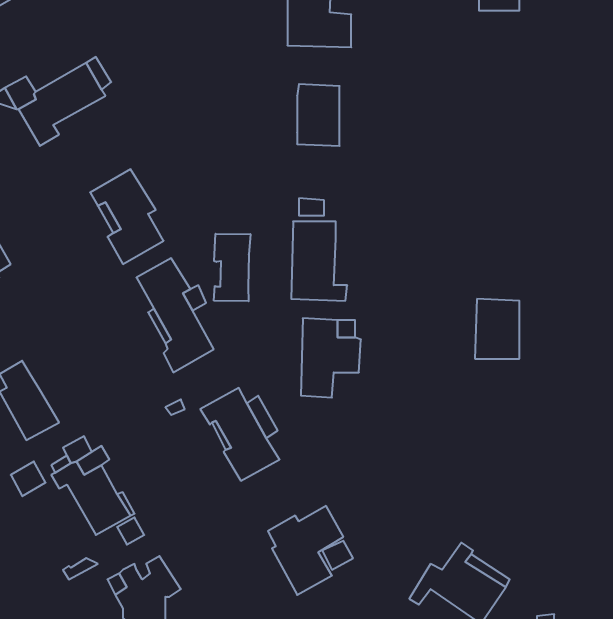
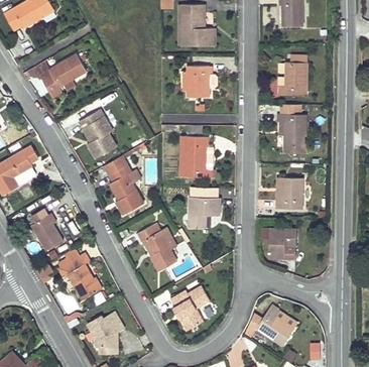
building: none -> [277,55,305,95]
building: none -> [276,105,305,153]
building: [214,234,250,301] -> none
building: none -> [260,228,295,259]

